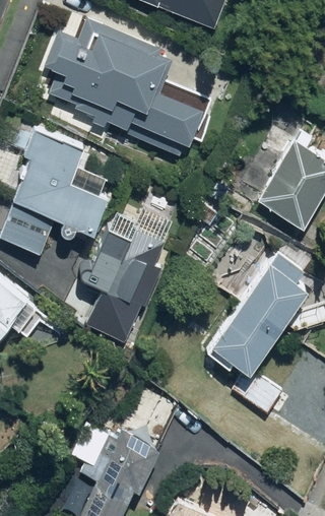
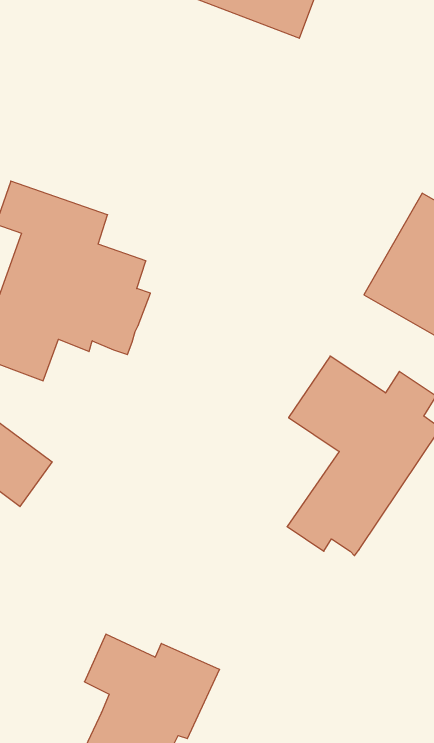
building: [49,19,203,145] -> none
building: [74,231,171,342] -> none

